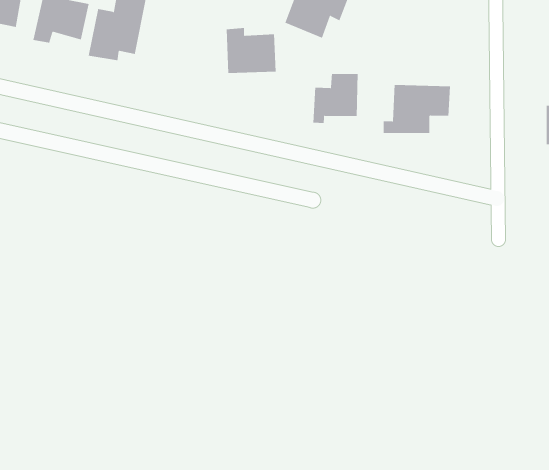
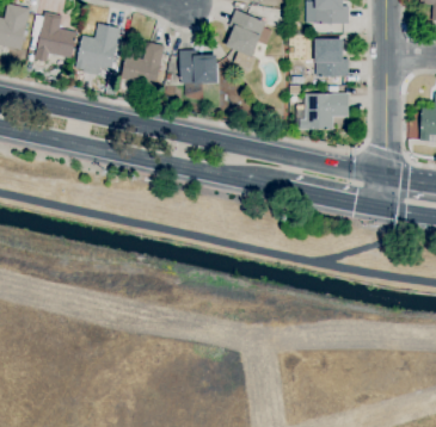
building: none -> [314,39,349,78]
building: none -> [122,43,162,86]
building: [313,73,358,124] -> none

